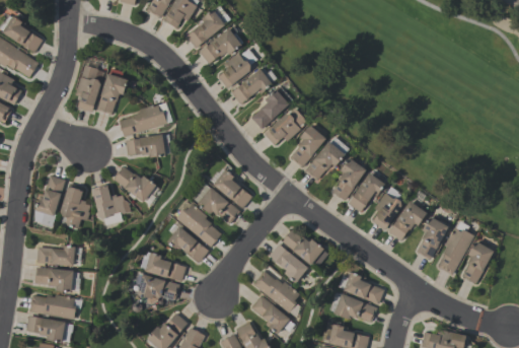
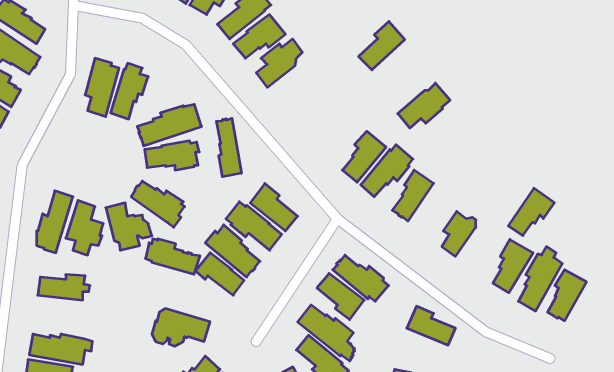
building: [230,68,273,105] -> none
building: [250,88,289,129] -> [359,21,405,70]
building: [264,108,307,145] -> [398,83,450,128]
building: none -> [216,118,241,177]
building: [349,171,386,212] -> none
building: [388,200,427,239] -> [508,188,554,236]
building: [140,252,186,281] -> [145,239,200,274]
building: [33,267,73,291] -> none
building: [333,292,377,322] -> none

